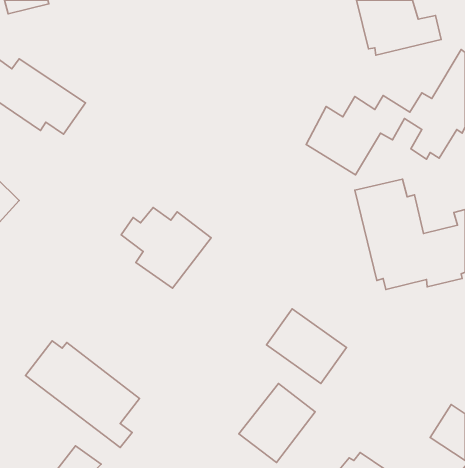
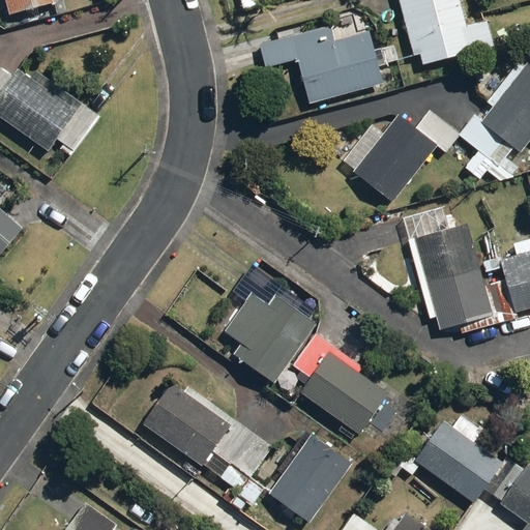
building: none -> [265,28,385,104]
building: [121,207,211,288] -> [214,292,316,383]
building: [26,341,140,447] -> [143,384,271,504]
building: none -> [412,416,503,503]

